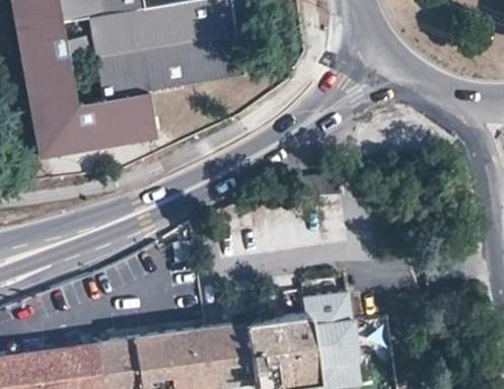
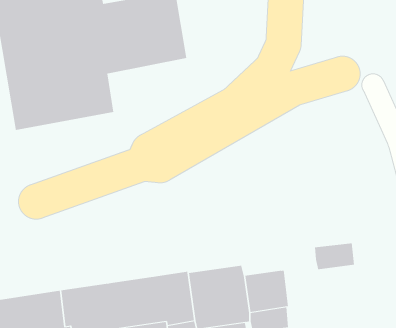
building: [302,295,350,326] -> [314,243,355,270]

